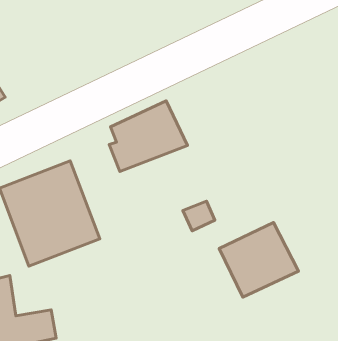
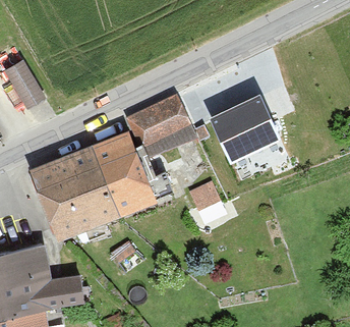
building: none -> [95,133,154,215]
building: [219,223,298,297] -> [212,96,280,160]

